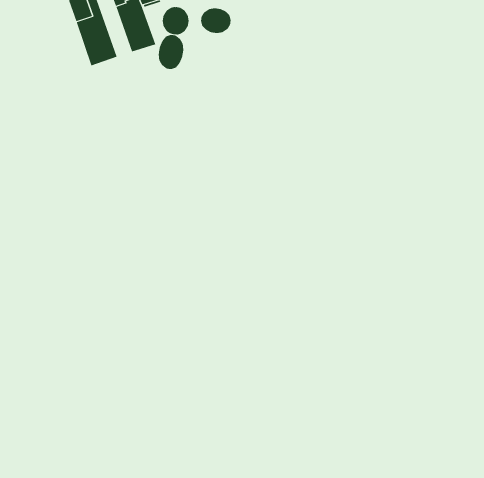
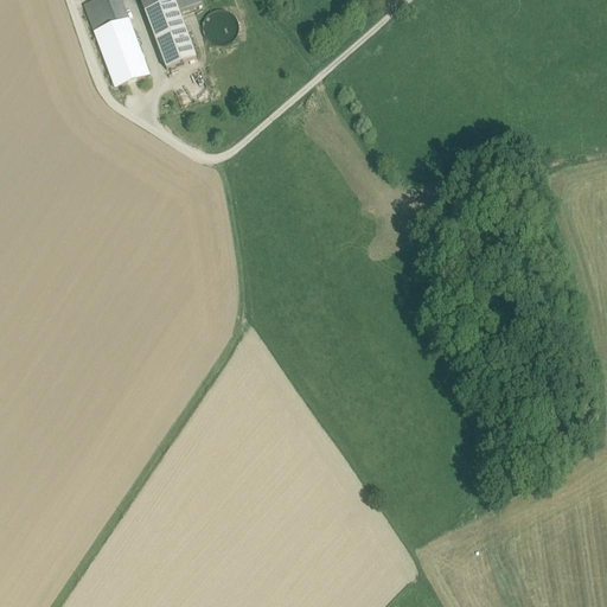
building: [200,7,231,34] -> none
building: [158,34,184,70] -> none

